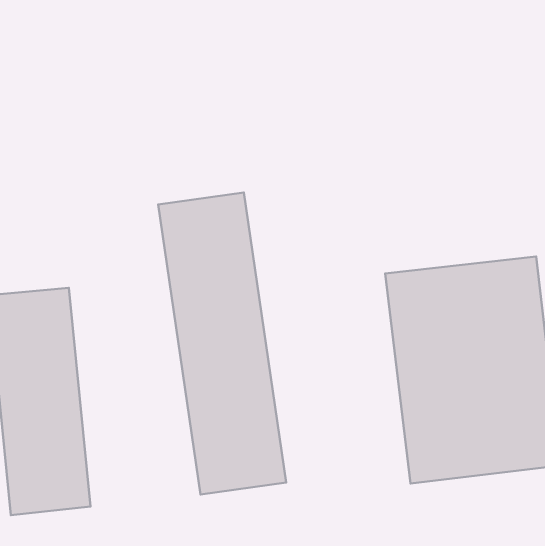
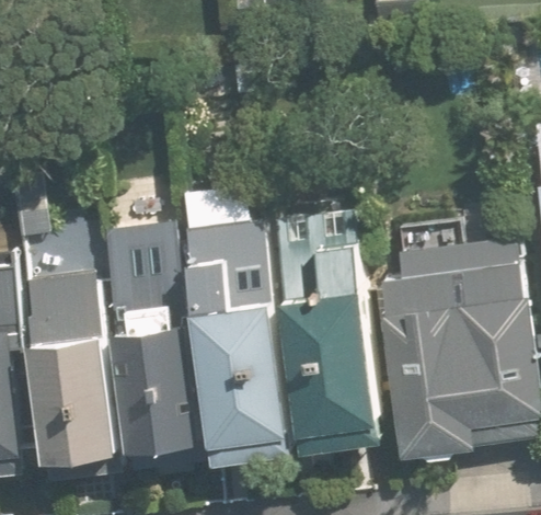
building: none -> [273,211,382,449]
building: none -> [102,228,198,468]

